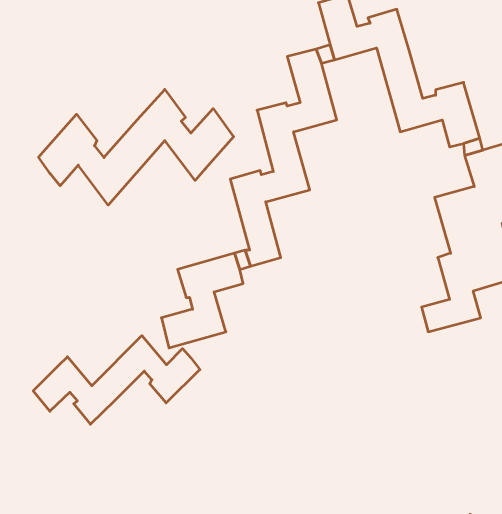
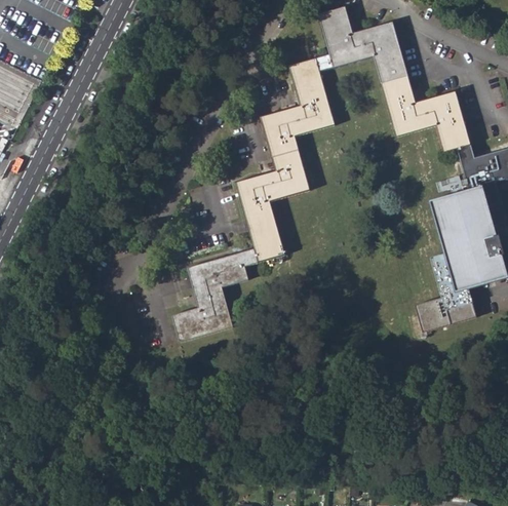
building: [39,89,234,205] -> none
building: [33,336,200,424] -> none

